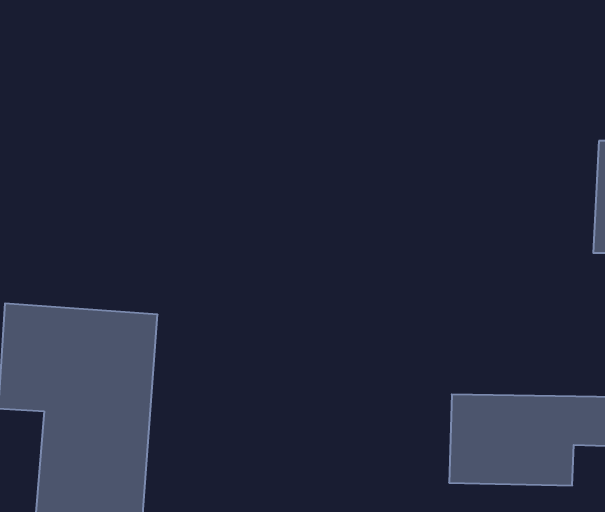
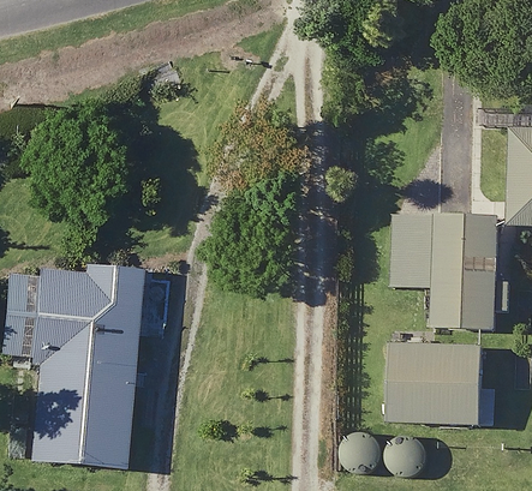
building: none -> [396,215,518,328]

